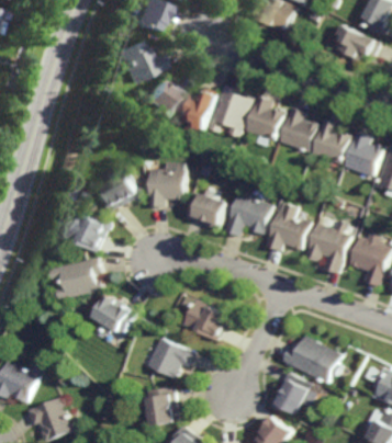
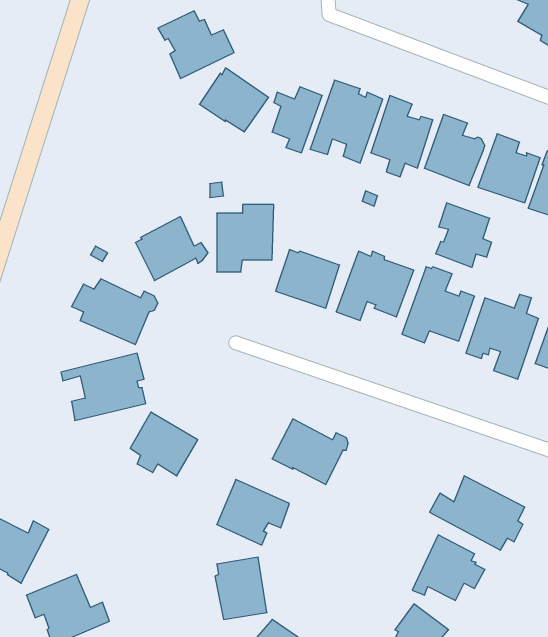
building: none -> [436,203,491,267]

